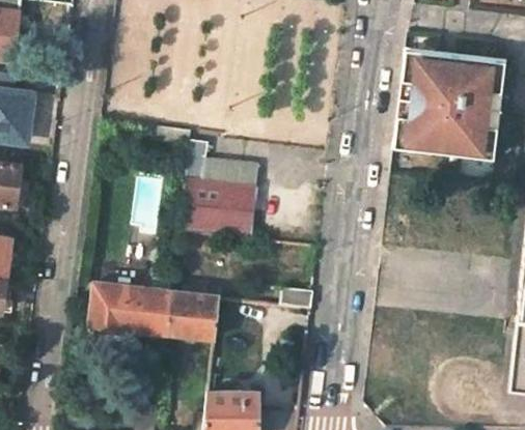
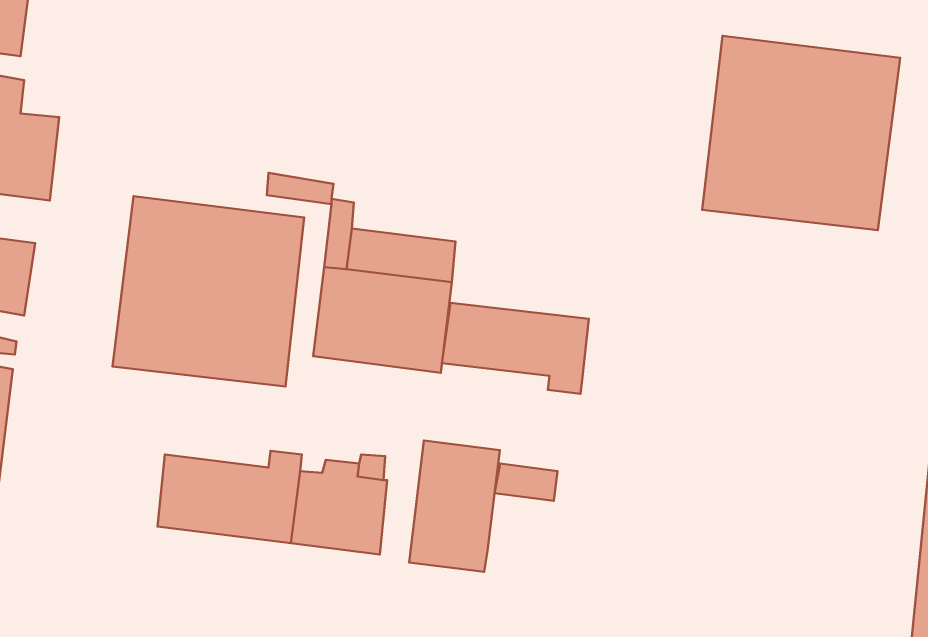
building: none -> [112,196,304,386]
building: none -> [442,303,589,394]
building: none -> [409,440,500,572]

